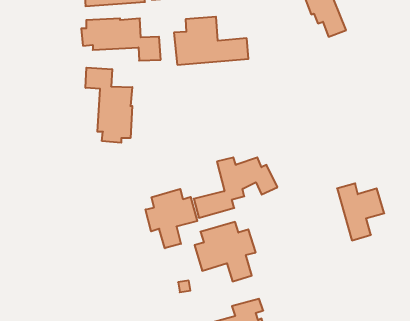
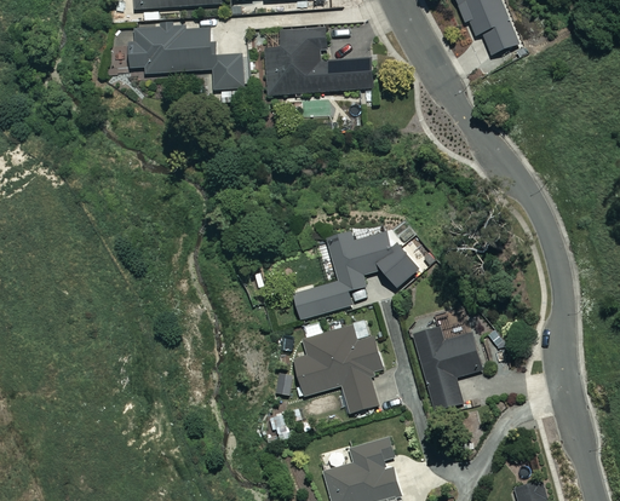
building: [86,68,132,143] -> none
building: [337,183,384,240] -> [412,327,481,410]
building: [146,189,197,248] -> none

